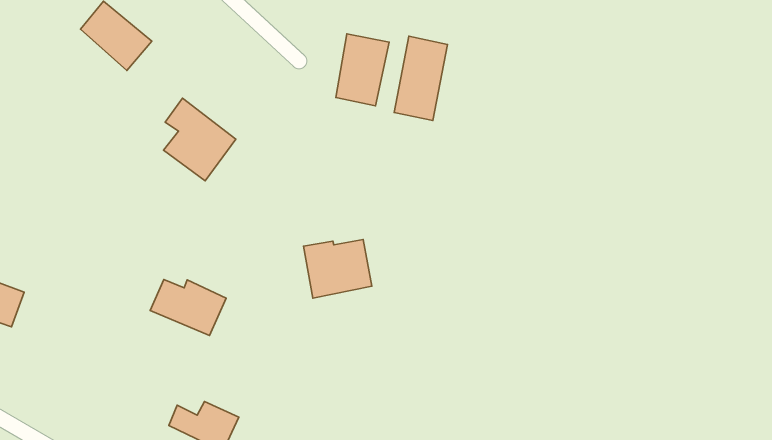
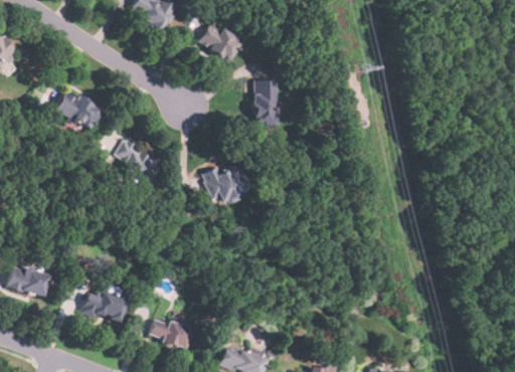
building: [336,34,389,106] -> none
building: [303,240,372,298] -> [203,163,248,203]
building: [150,279,226,336] -> [83,291,128,322]

